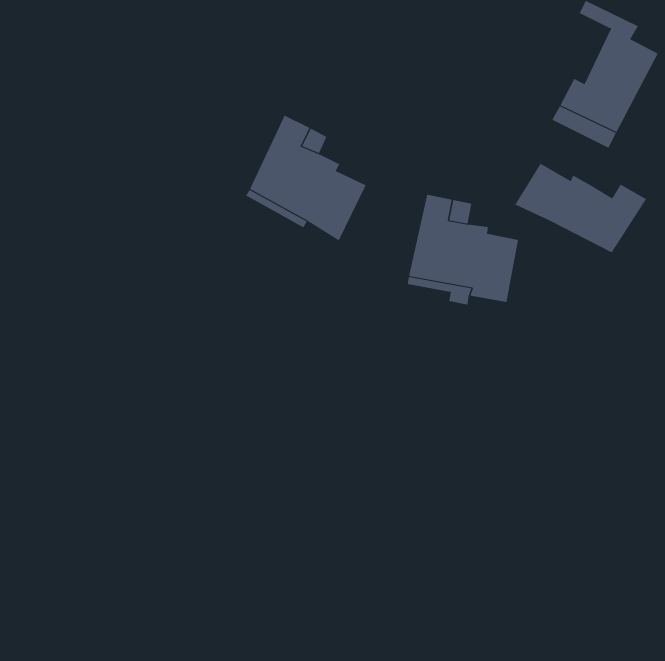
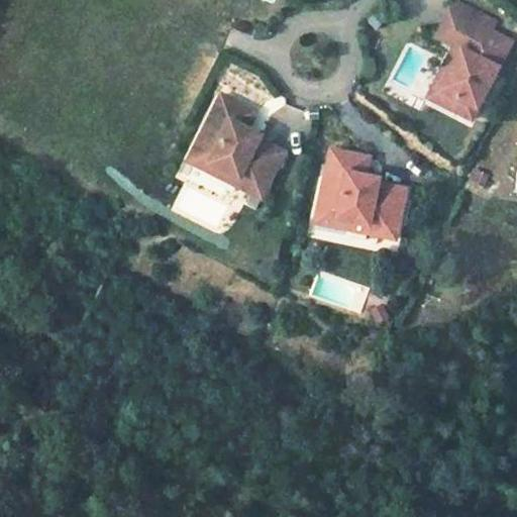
building: none -> [435,14,473,69]
building: [515,163,647,253] -> none

